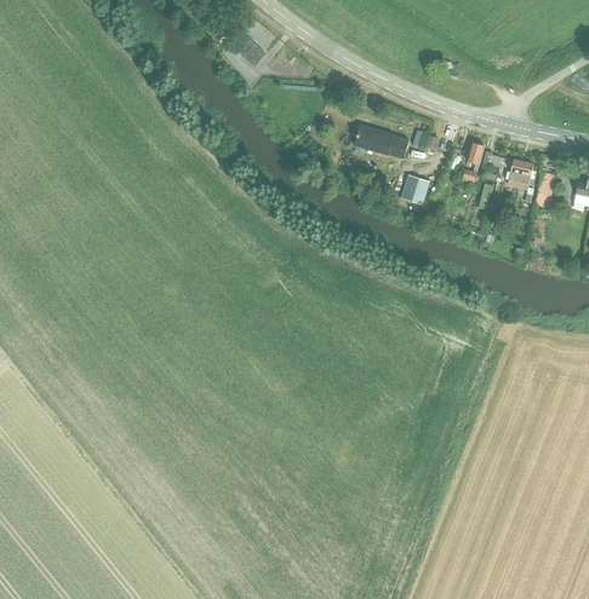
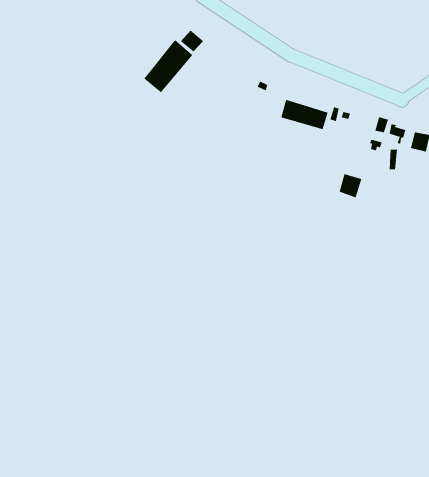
building: none -> [144,39,193,93]
building: [402,178,430,207] -> [339,174,362,198]

